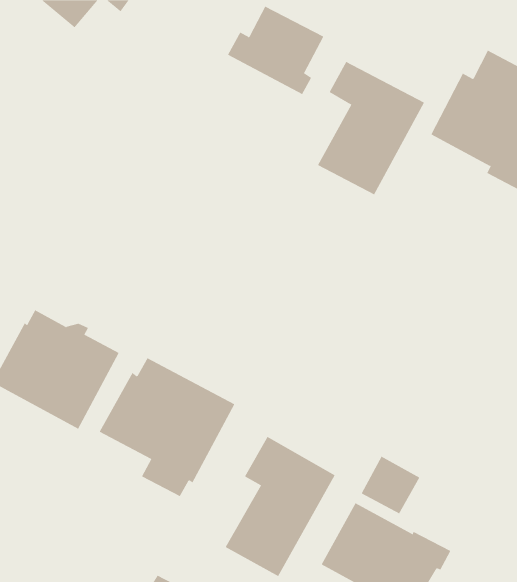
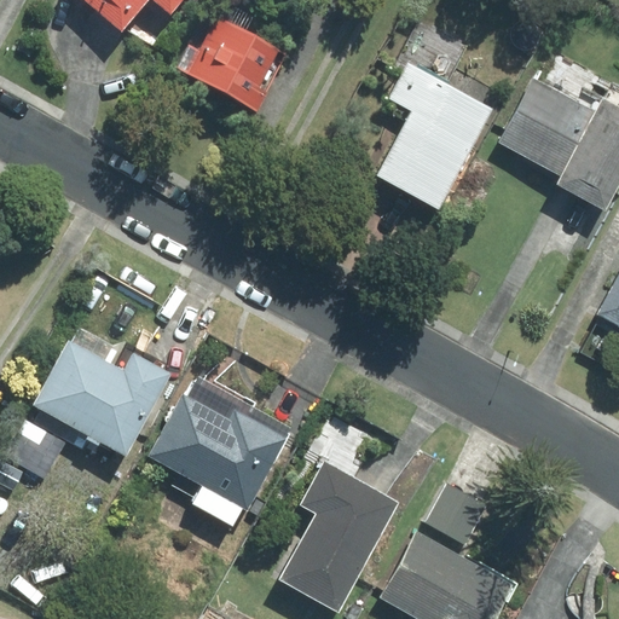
building: [227,6,324,95] -> [177,17,279,111]

